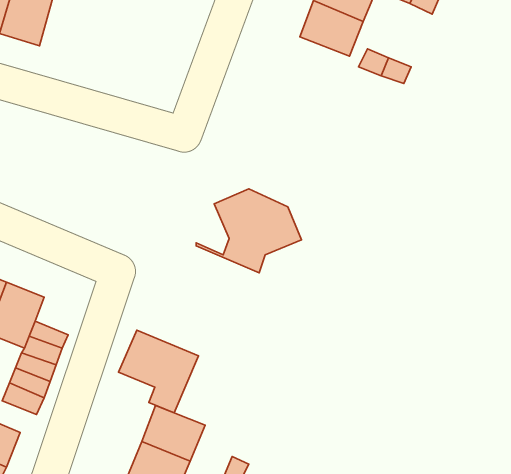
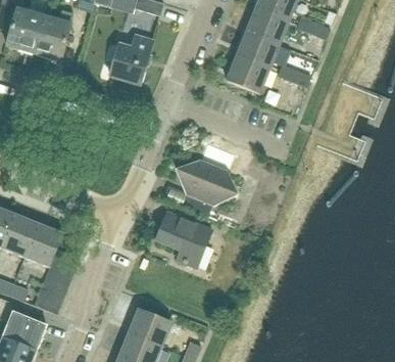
building: none -> [109,36,152,84]
building: none -> [226,55,269,93]
building: [119,330,198,413] -> [155,211,209,267]

